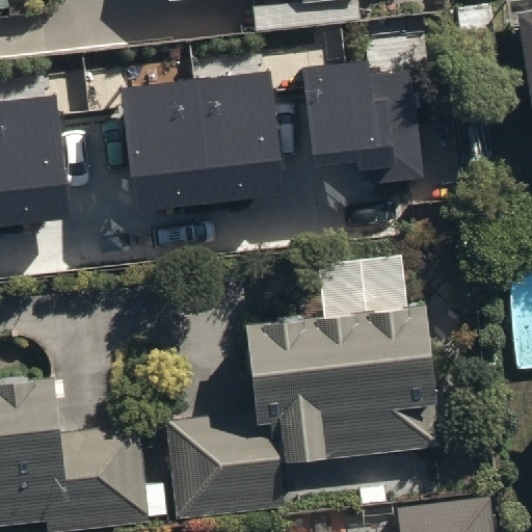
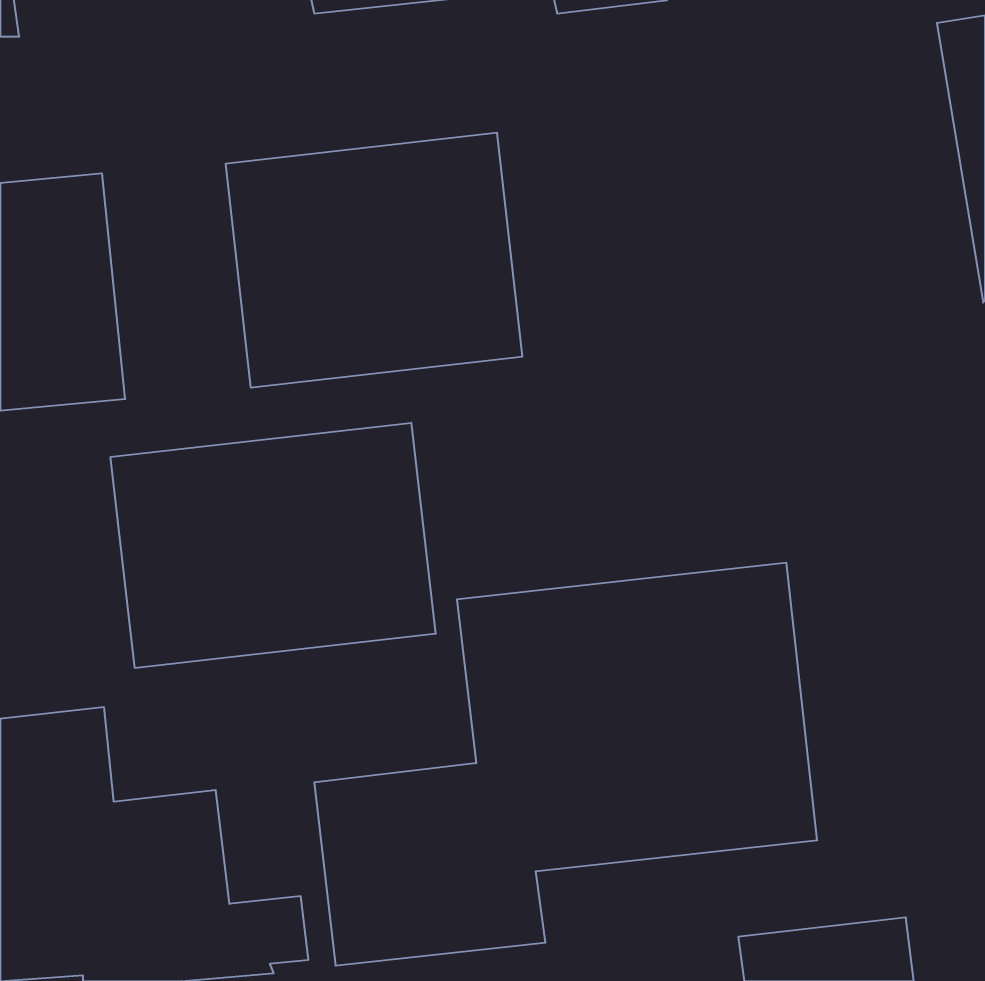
building: [304,58,422,181] -> none
building: none -> [111,423,436,668]

